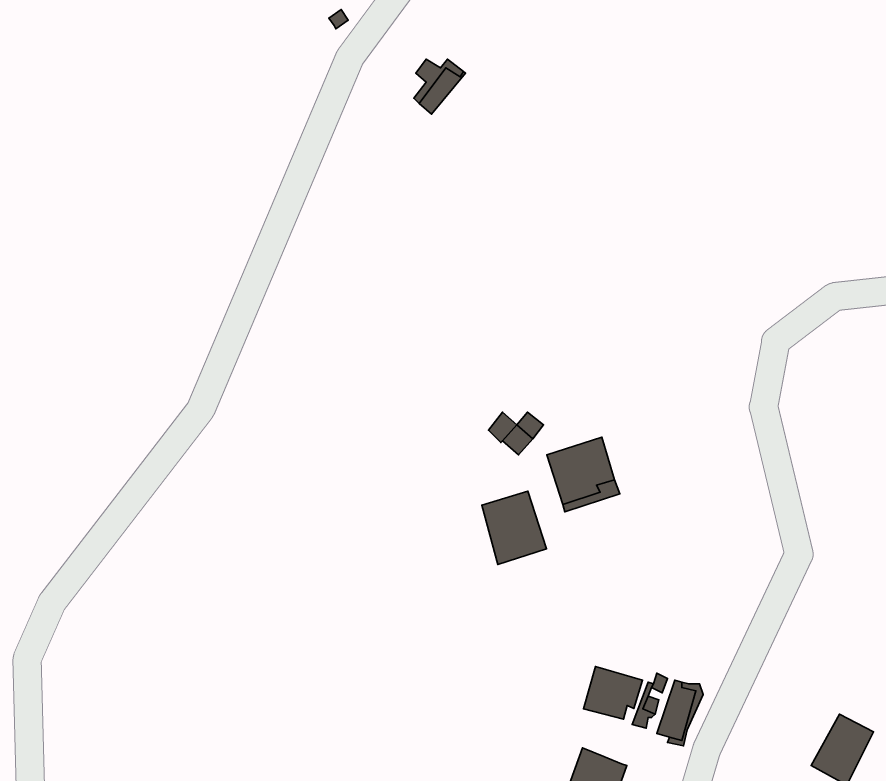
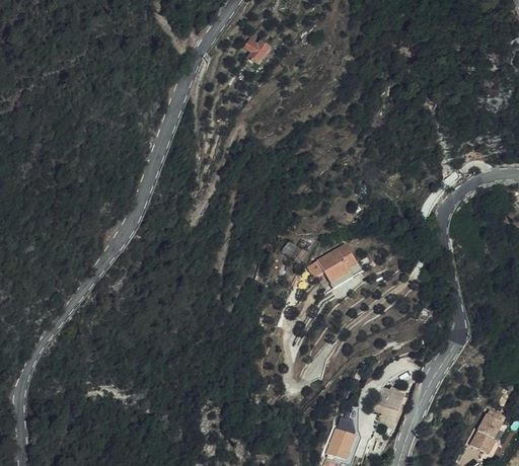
building: [482,491,547,564] -> none
building: [583,667,642,719] -> none

